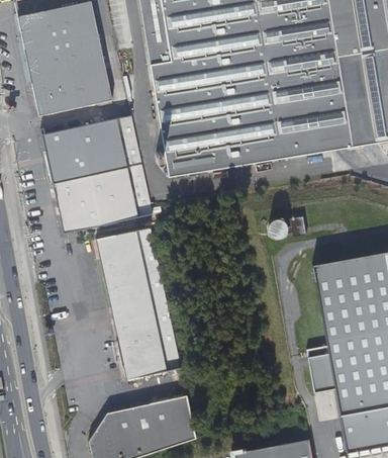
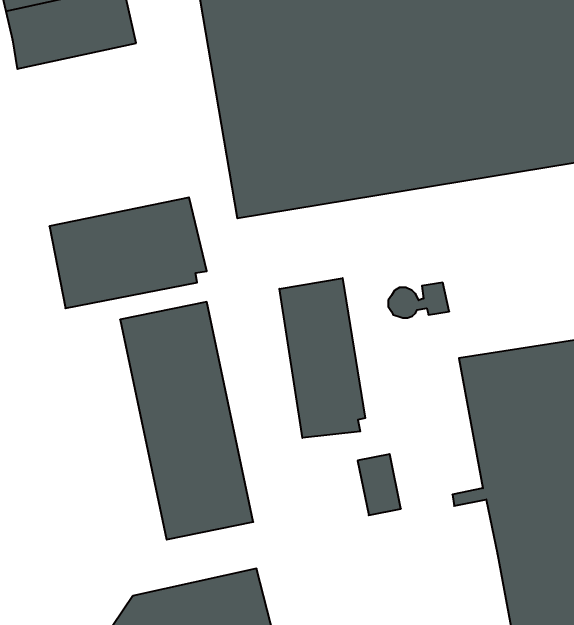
building: [32,66,114,115] -> none
building: [44,119,140,181] -> none
building: none -> [279,278,365,438]
building: [307,353,334,391] -> [358,454,401,515]

